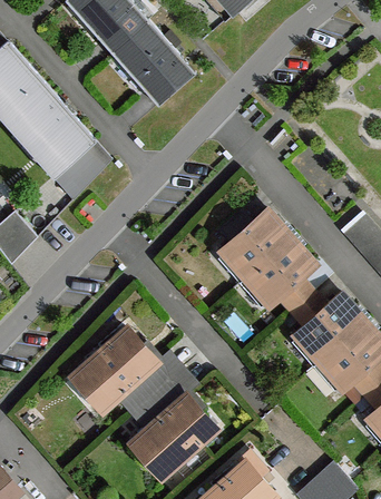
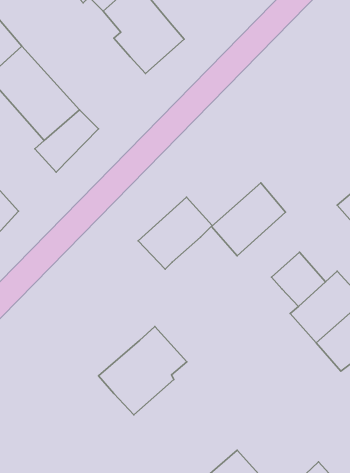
building: [243,238,313,306] -> [138,197,212,269]
building: [76,330,150,402] -> none
building: [135,397,213,472] -> none

